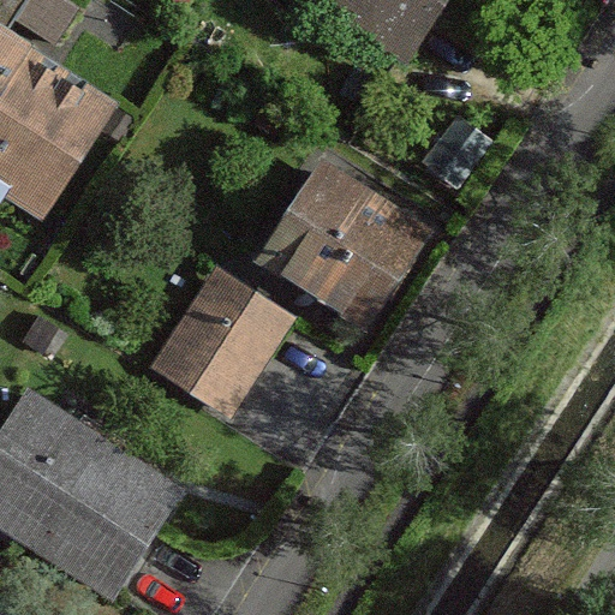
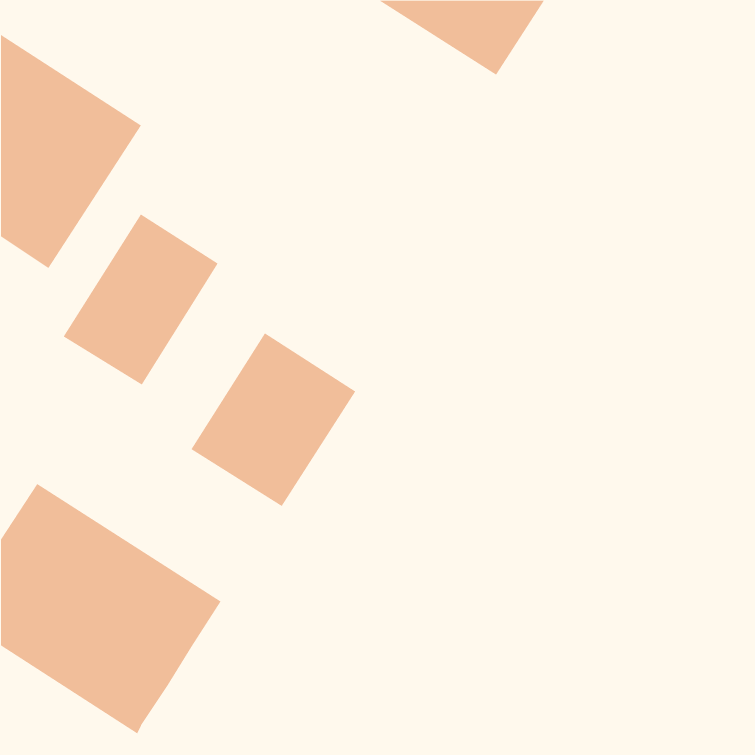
building: [259,161,428,327] -> none
building: none -> [63,214,218,386]

